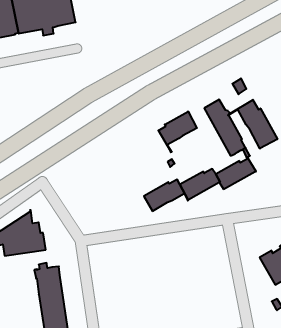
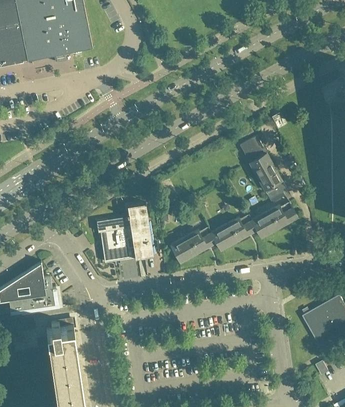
building: [230,100,277,149] -> none
building: [158,111,197,152] -> none
building: none -> [95,205,152,264]

